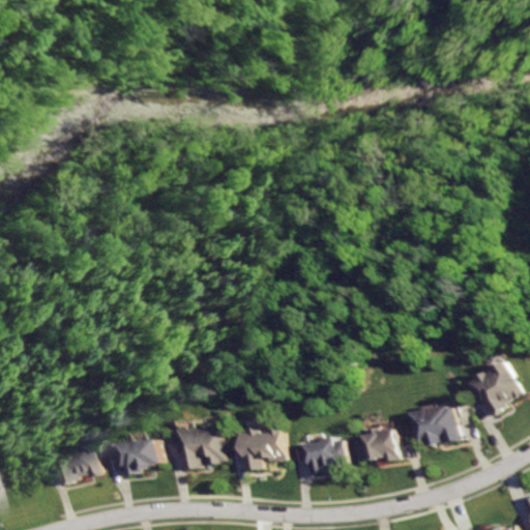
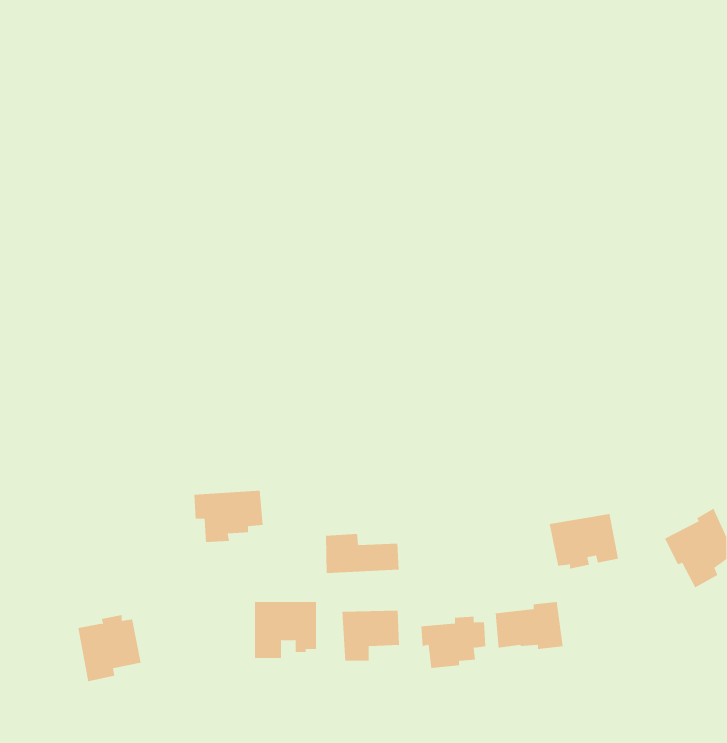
building: none -> [326,533,399,574]
building: [409,405,459,444] -> [549,514,619,569]
building: [114,437,164,474] -> [193,490,264,543]

